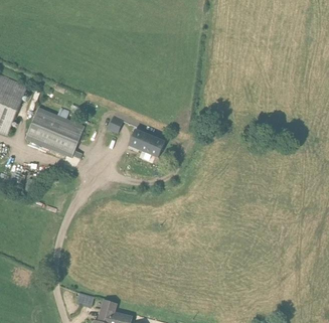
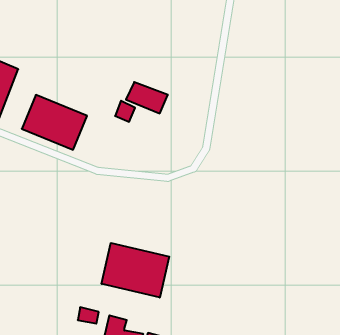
building: [129,130,165,157] -> [126,82,168,113]
building: none -> [102,243,169,298]

